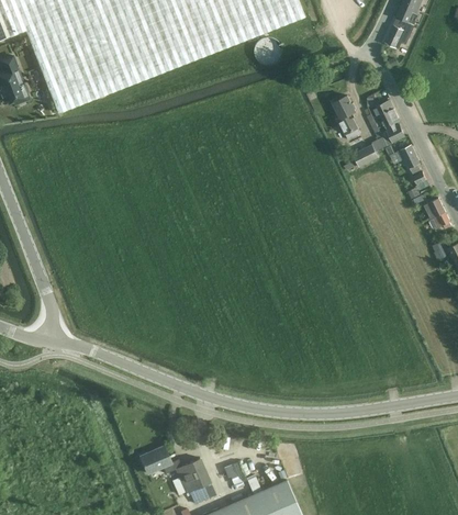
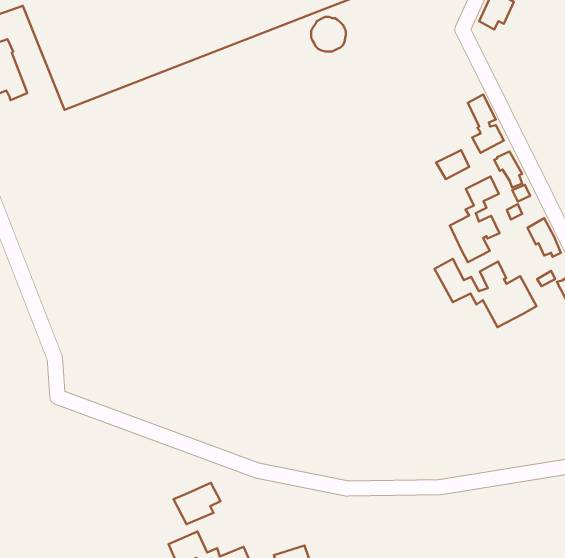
building: [333,96,360,139] -> none
building: none -> [450,177,500,262]
building: none -> [435,259,537,327]
building: none -> [174,483,220,524]

